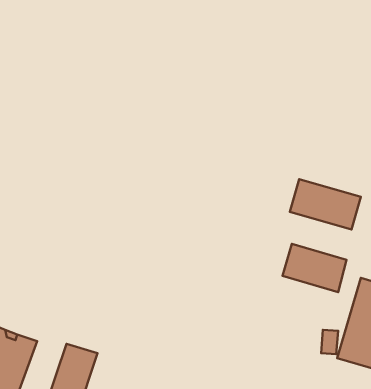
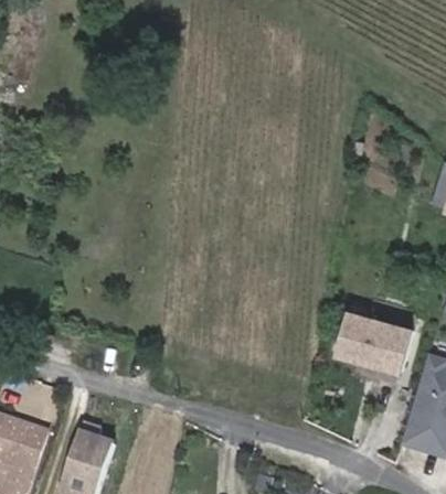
building: [290,179,361,230] -> none

